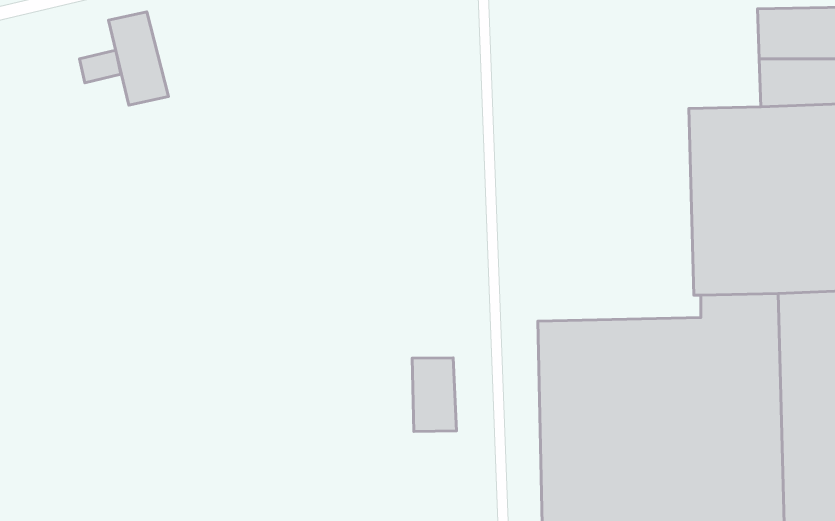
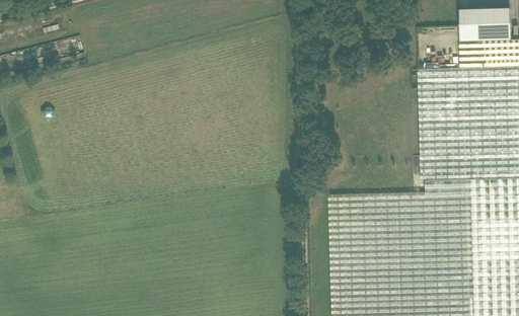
building: [109,12,168,105] -> none
building: [412,358,456,431] -> none

